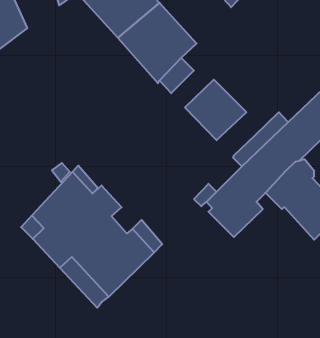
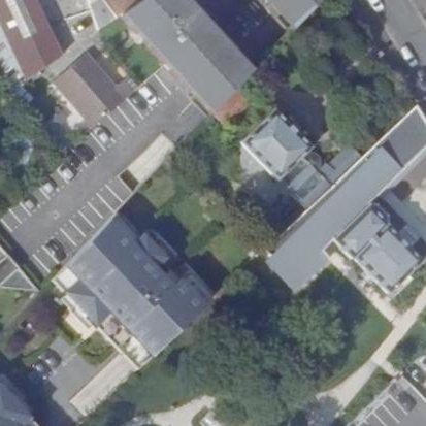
building: none -> [54,54,132,128]
building: none -> [281,152,324,195]

